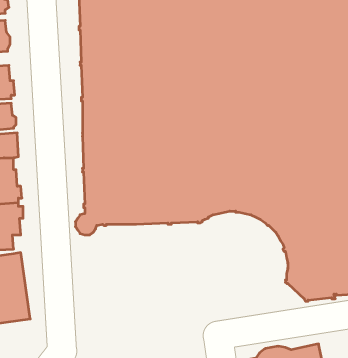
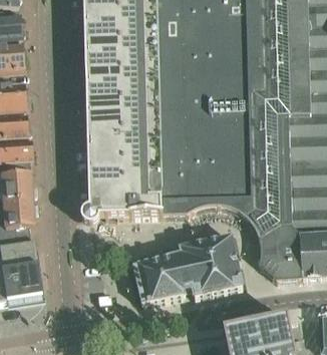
building: none -> [133,238,243,305]

